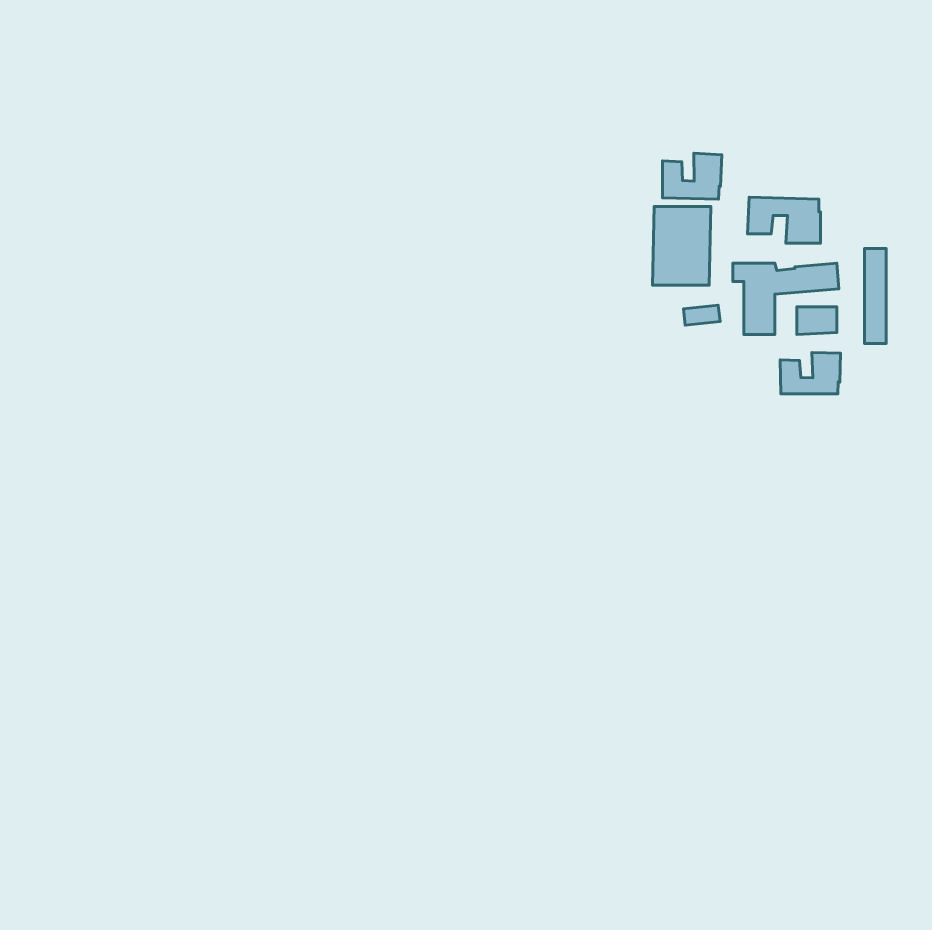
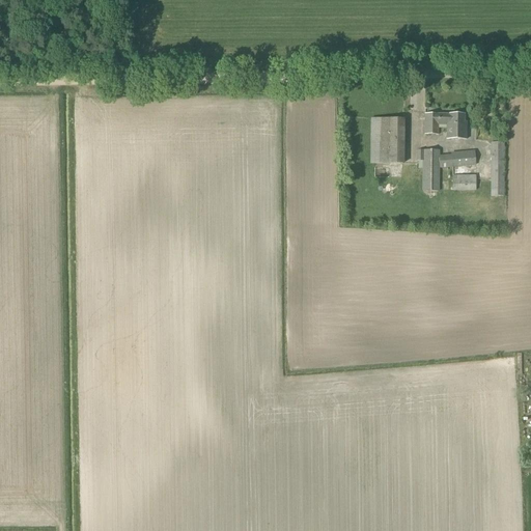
building: [662,153,722,199] -> none
building: [780,352,840,394] -> none

